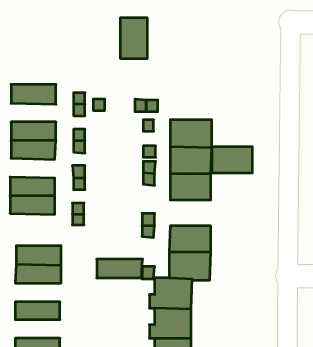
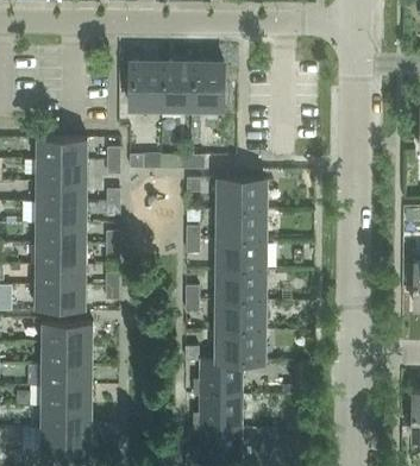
building: none -> [130,61,161,108]
building: none -> [192,62,224,109]
building: none -> [36,159,87,181]
building: [212,147,252,173] -> [218,270,264,300]
building: none -> [35,222,86,245]
building: none -> [35,285,86,308]
building: [97,259,143,278] -> [40,365,93,386]
building: none -> [40,407,92,428]

